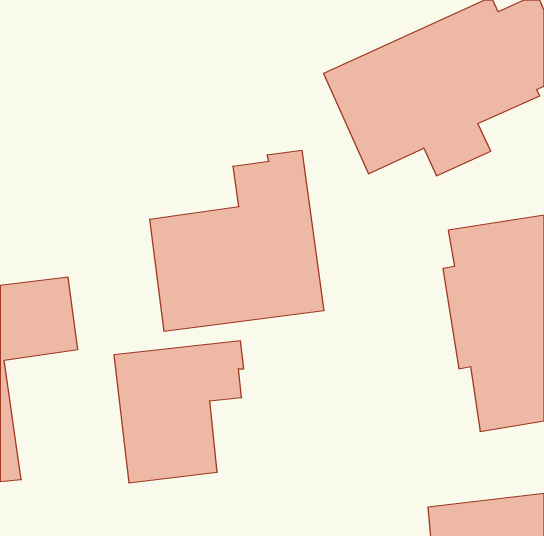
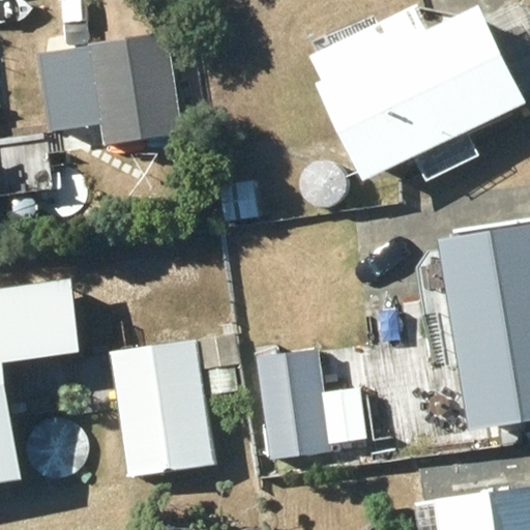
building: none -> [89,34,175,144]
building: [150,150,324,331] -> none
building: none -> [254,348,363,461]

